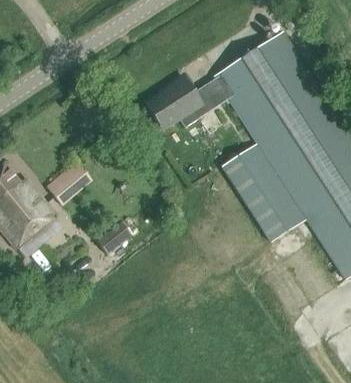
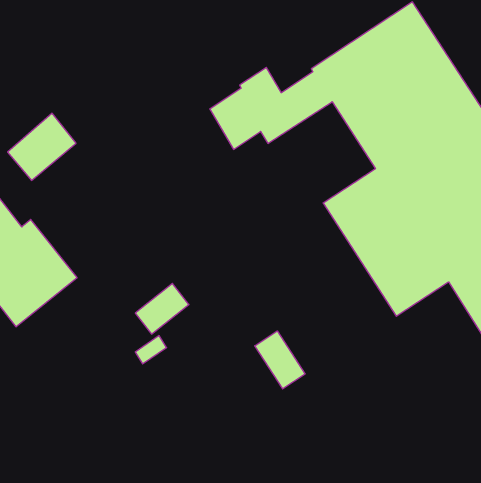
building: [46,161,92,206] -> [8,113,76,180]
building: none -> [255,331,305,389]

